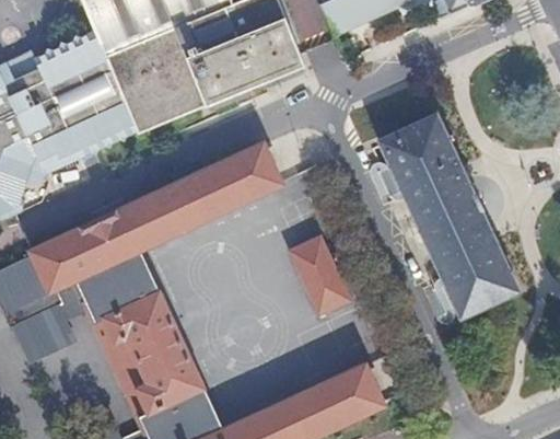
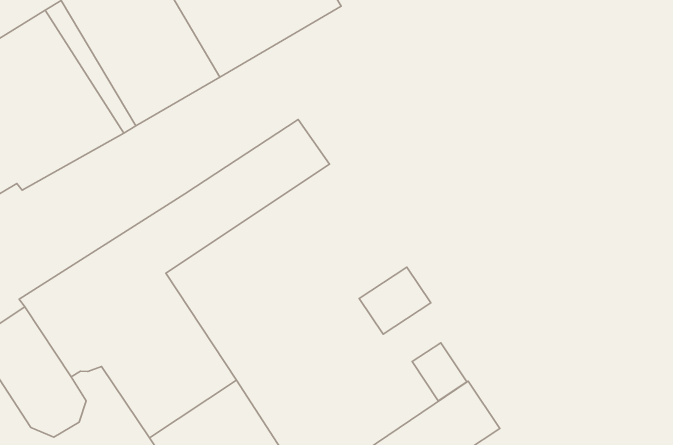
building: [378,112,518,319] -> none
building: [272,239,327,288] -> none
building: none -> [412,343,467,401]

